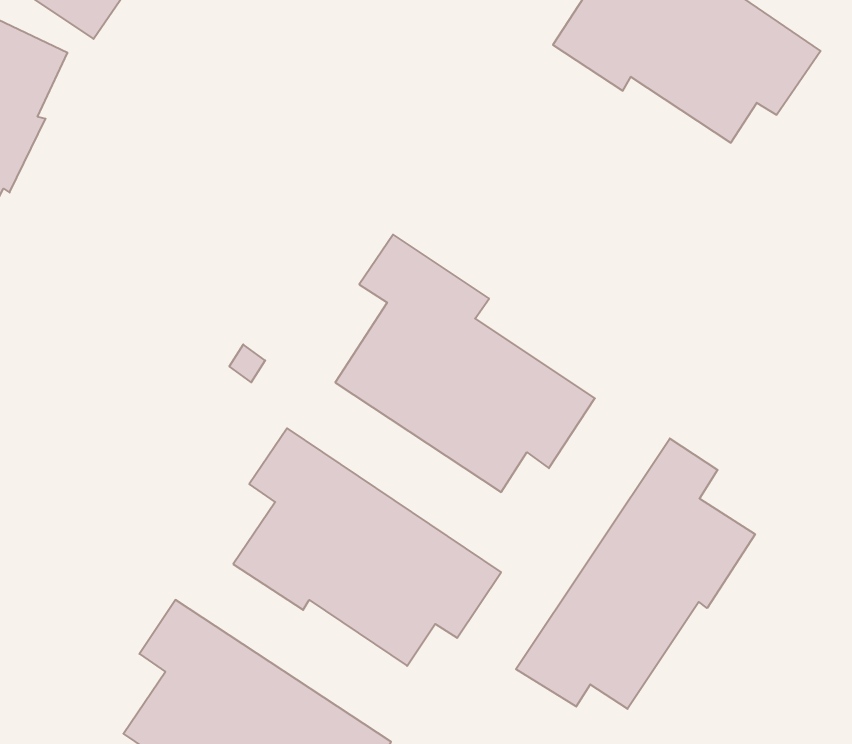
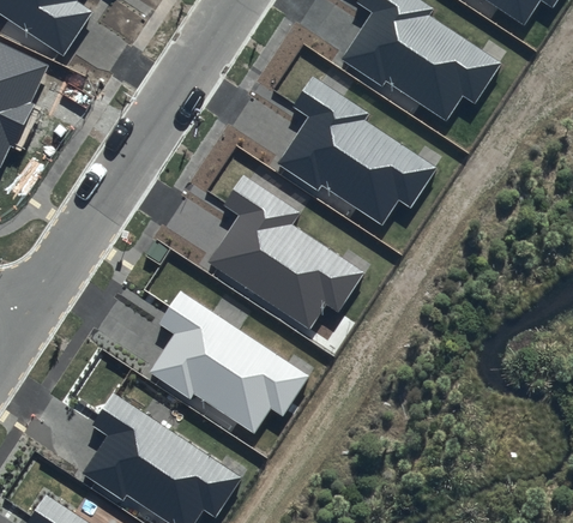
building: none -> [275,76,436,224]
building: [516,438,755,709] -> none

